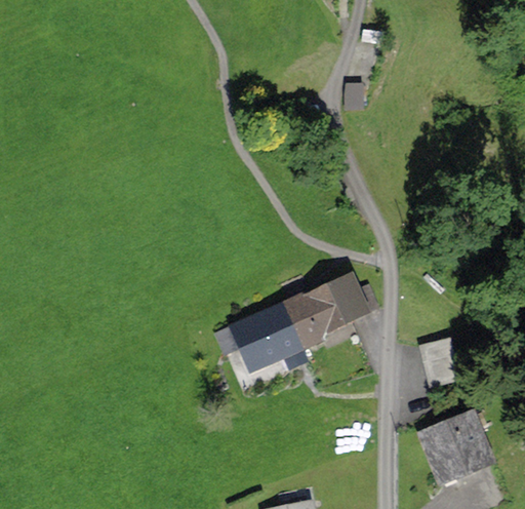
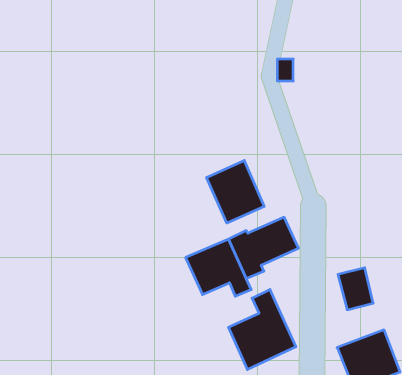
building: none -> [207,160,264,223]
building: none -> [229,289,296,370]

